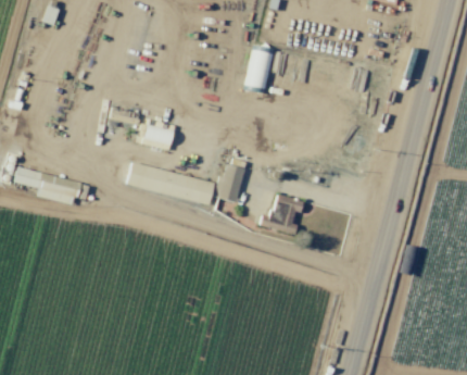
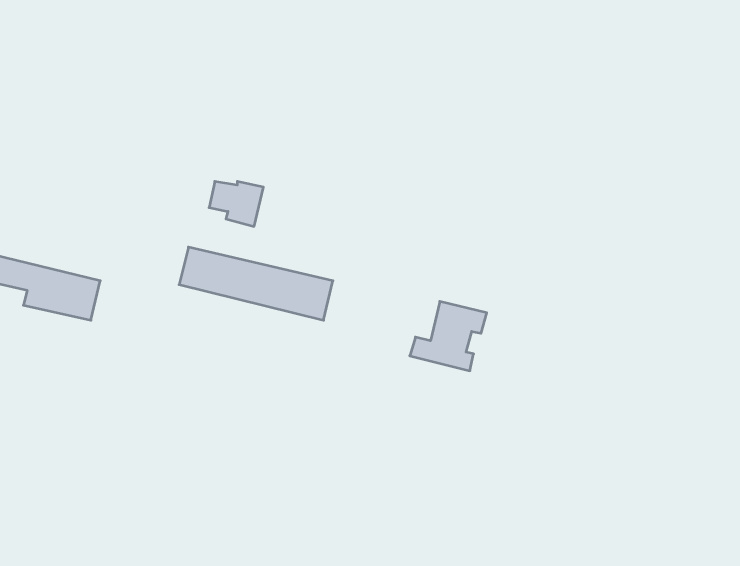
building: [245,50,273,89] -> none
building: [217,163,245,202] -> none

